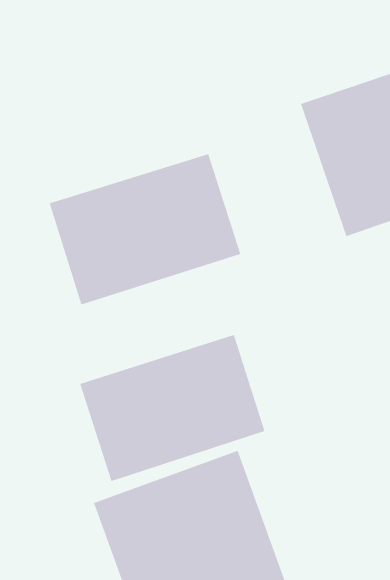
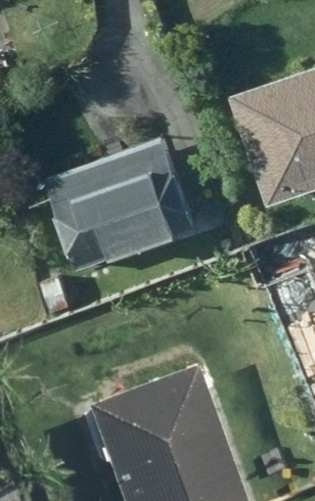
building: [79,334,265,482] -> none

